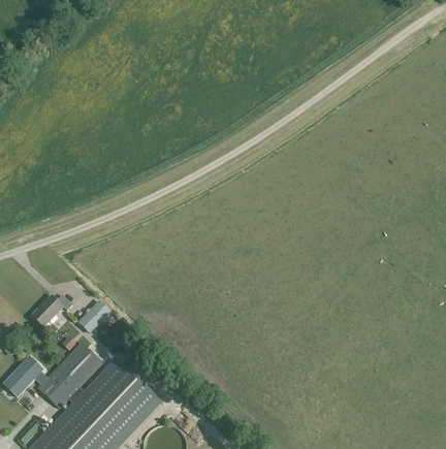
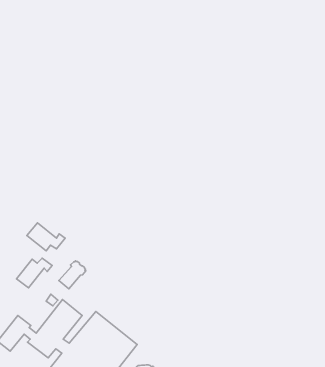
building: none -> [27,223,65,251]

